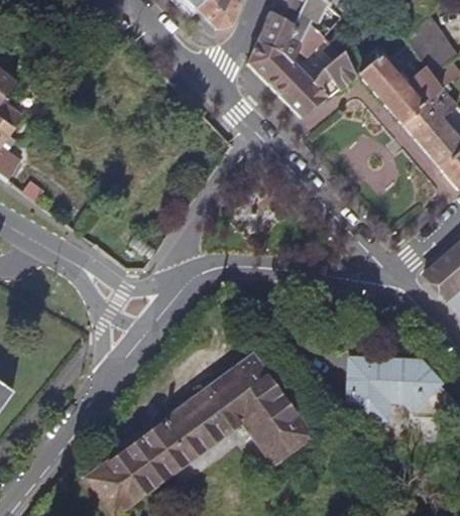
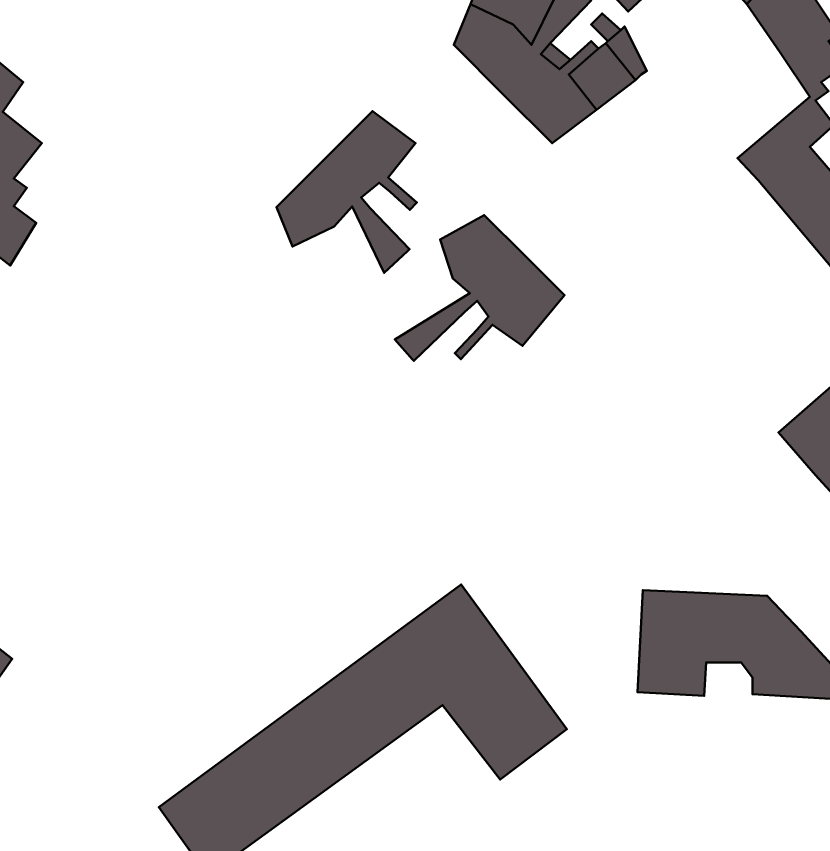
building: [359,54,442,123] -> none
building: none -> [277,111,417,273]
building: none -> [395,215,564,361]

